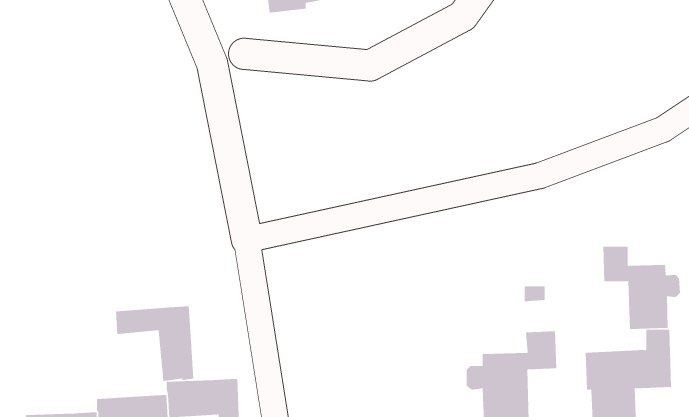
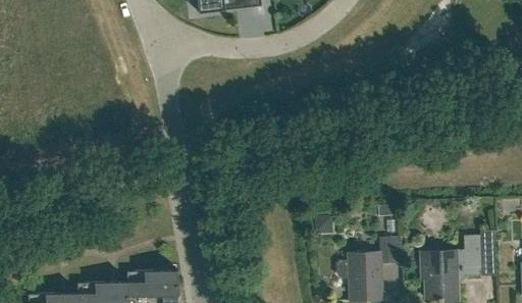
building: [603,246,681,330] -> none
building: [115,305,194,382] -> none

